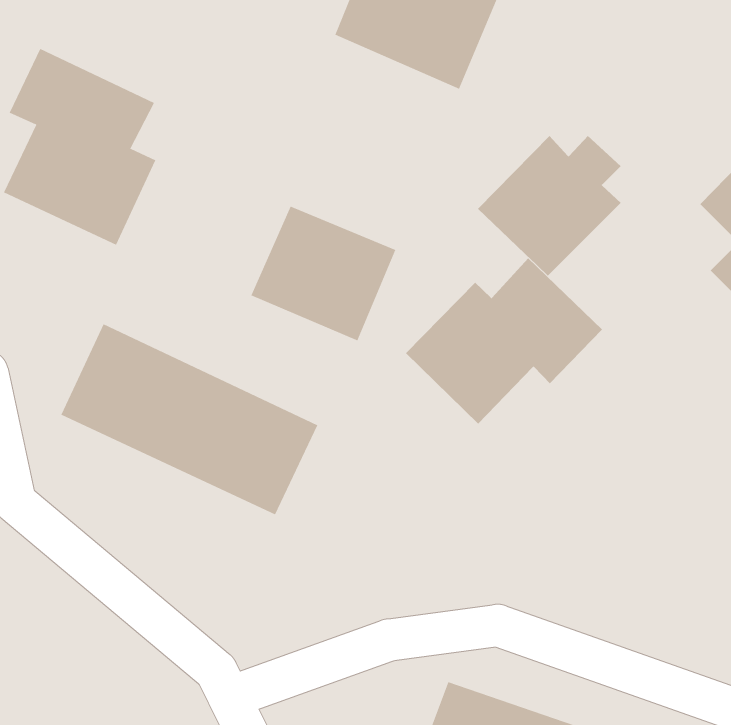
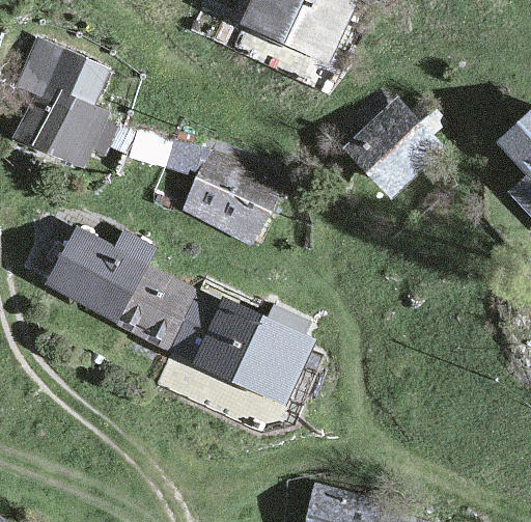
building: [405,258,603,424] -> none
building: none -> [200,300,316,404]

